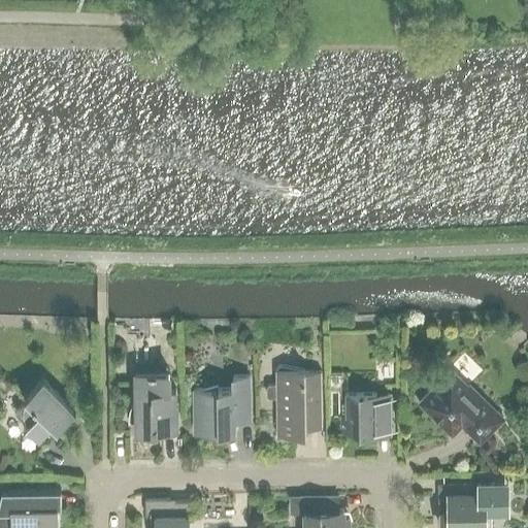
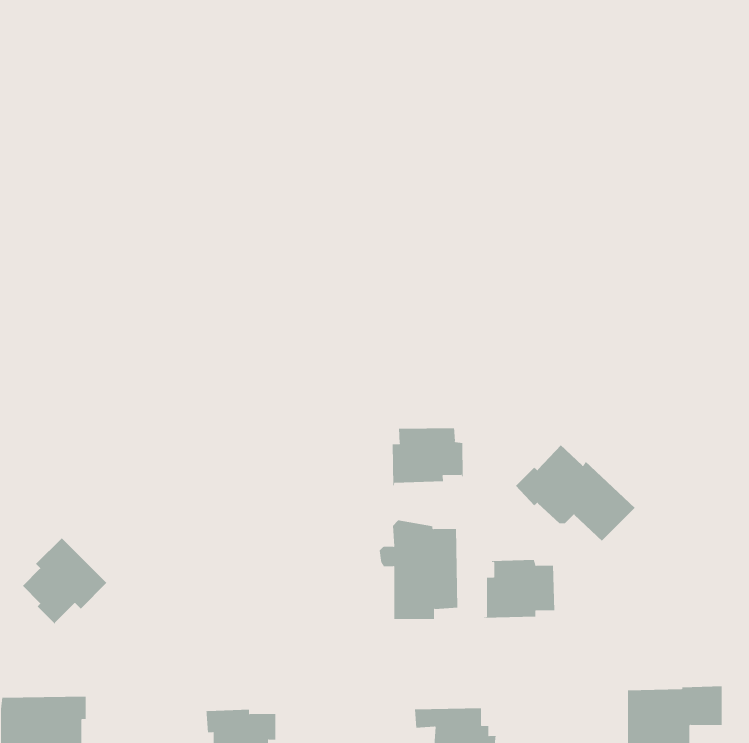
building: none -> [392,427,463,486]
building: [131,375,177,438] -> none
building: [420,378,504,447] -> [515,445,636,542]
building: [194,381,252,438] -> none

